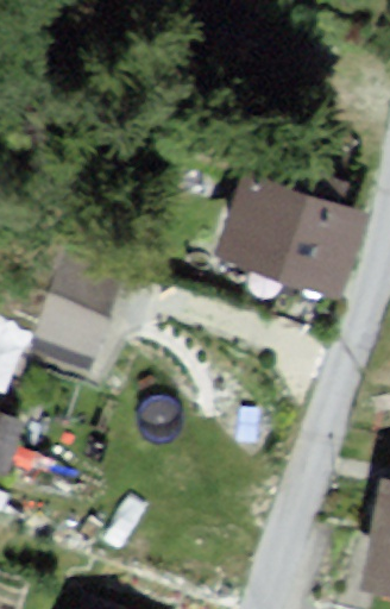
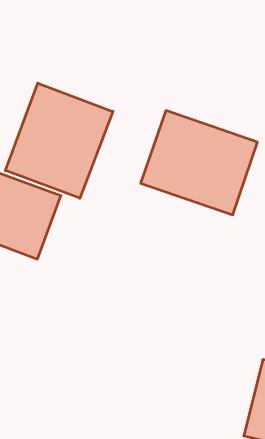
building: none -> [5,83,113,198]

